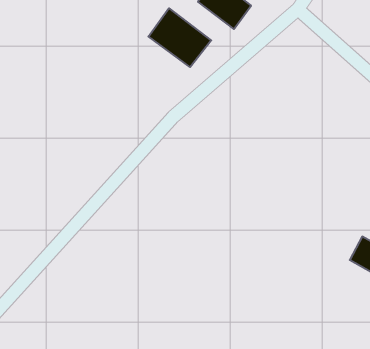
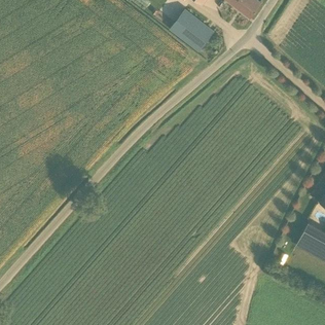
building: [148,8,211,67] -> none

